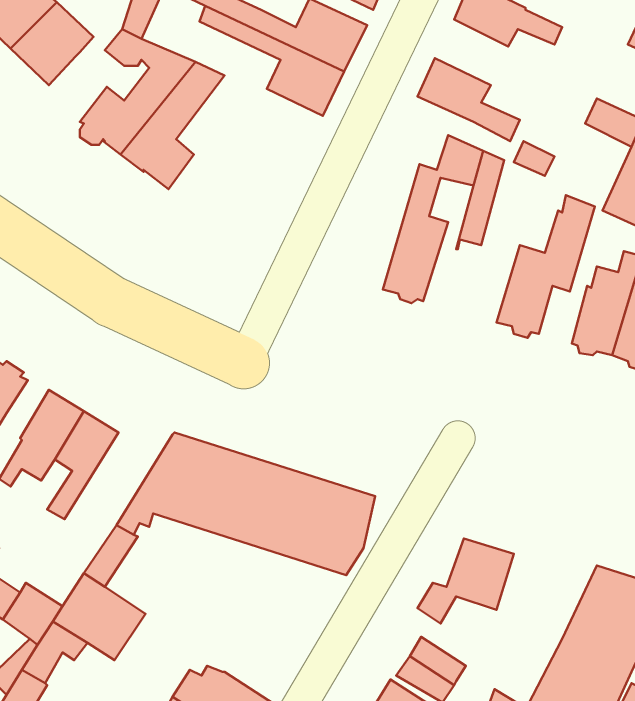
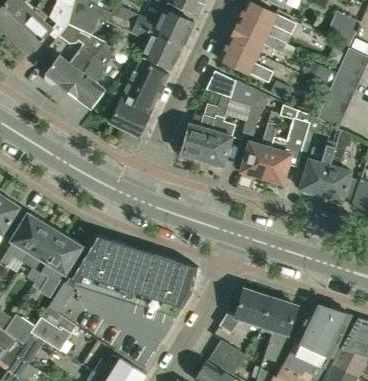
building: none -> [229,20,298,59]
building: none -> [110,64,169,133]
building: none -> [179,71,236,160]
building: none -> [240,110,280,177]
building: none -> [37,234,82,284]
building: none -> [261,297,297,362]

